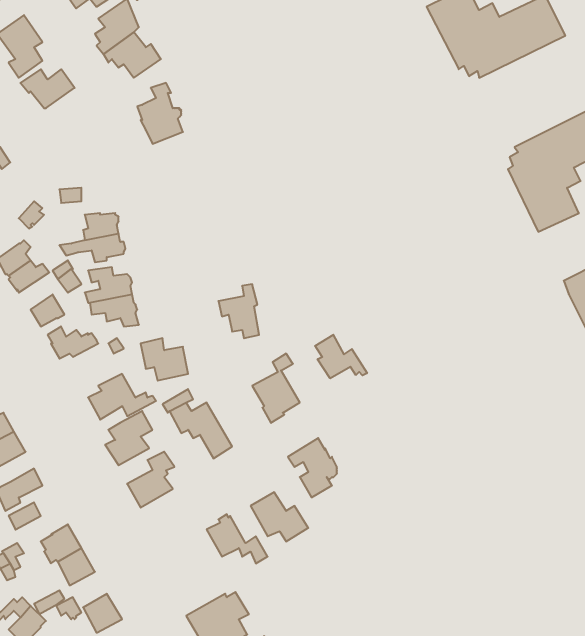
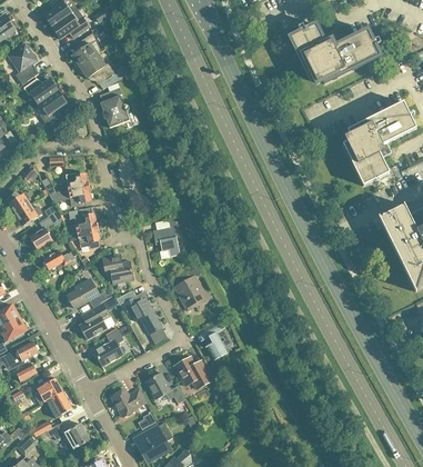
building: none -> [40,90,67,127]
building: [315,335,367,378] -> none
building: none -> [111,388,145,416]

